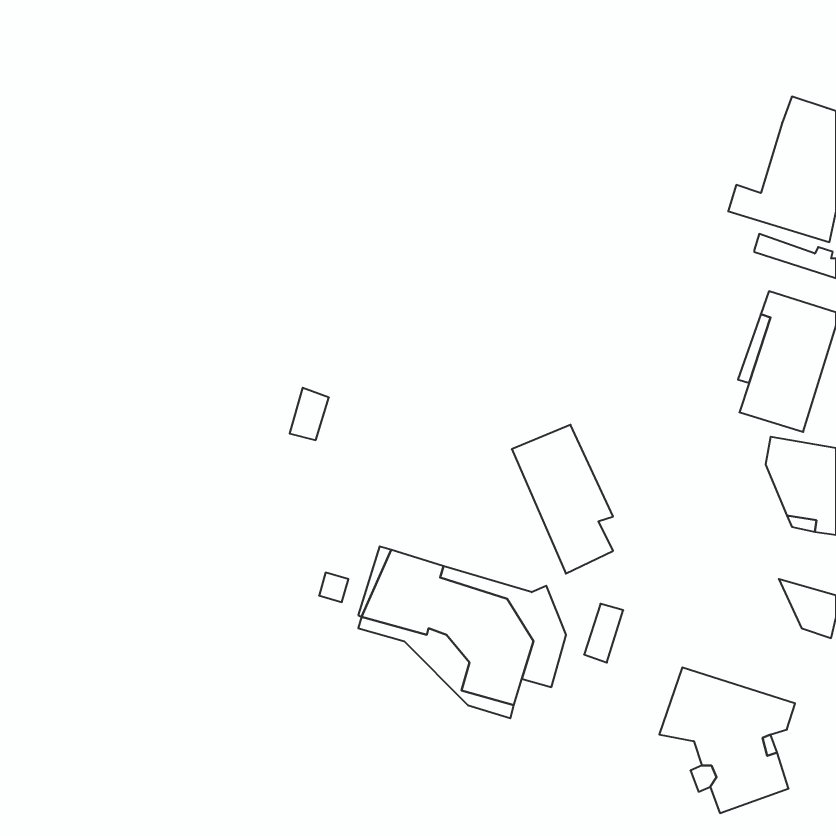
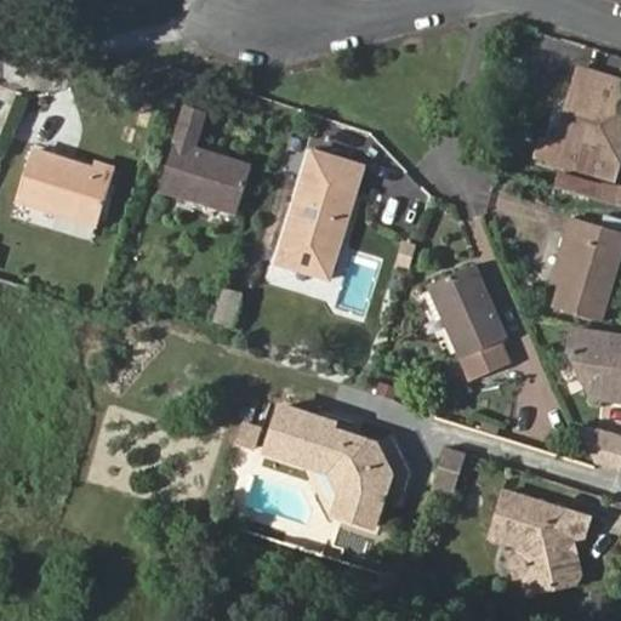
building: none -> [163,107,247,210]
building: none -> [19,150,112,223]
building: none -> [279,152,364,278]
building: [512,425,613,574] -> [431,267,506,377]

